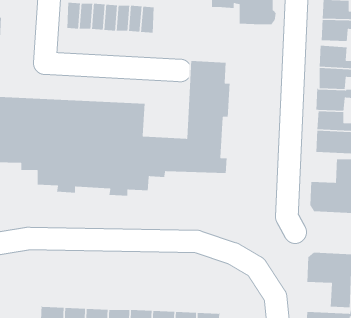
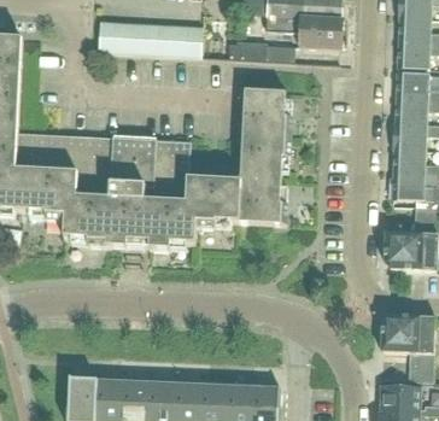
building: none -> [227,40,294,63]

